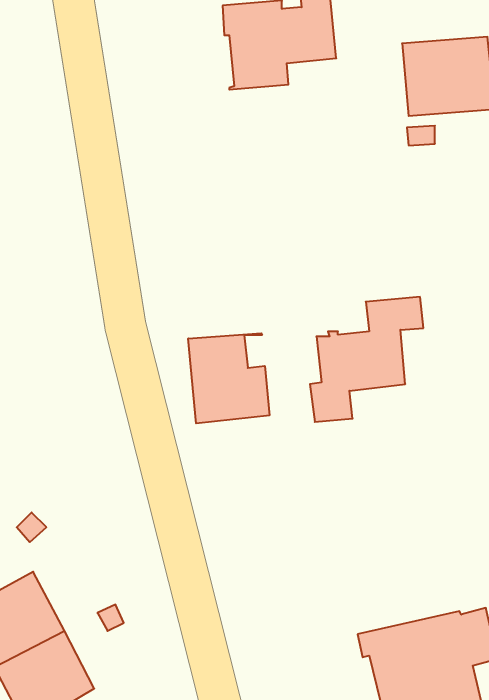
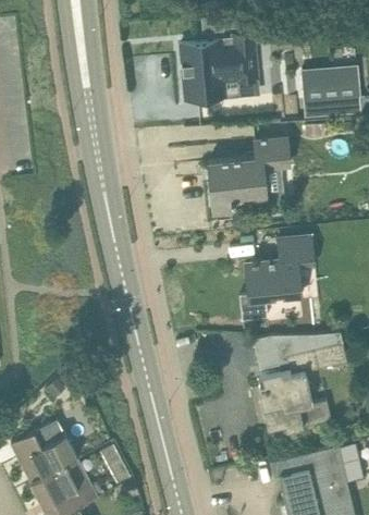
building: none -> [207,137,288,213]
building: [188,333,269,423] -> none
building: none -> [253,331,346,429]

